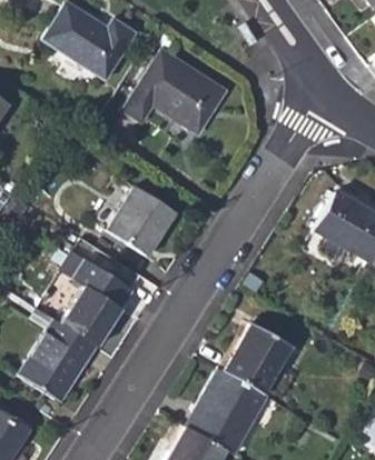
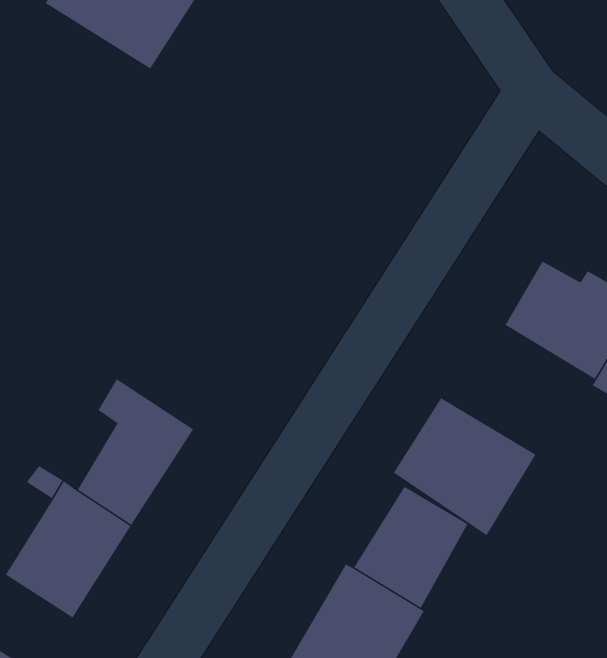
building: [127,52,224,131] -> none
building: [108,187,176,256] -> none
building: none -> [393,397,537,536]

